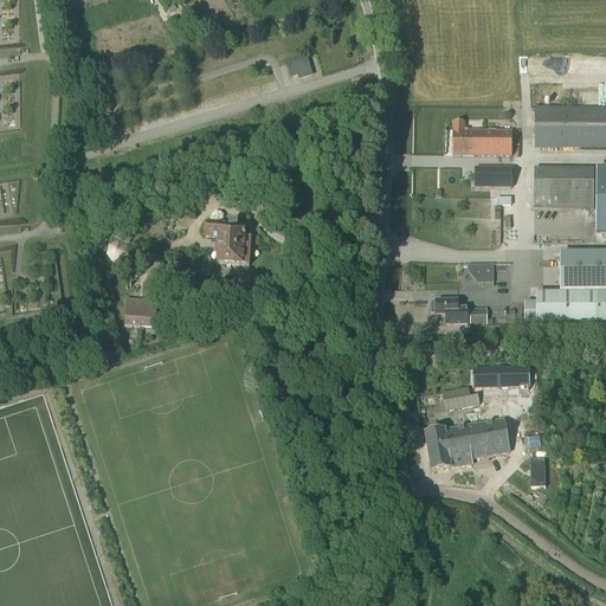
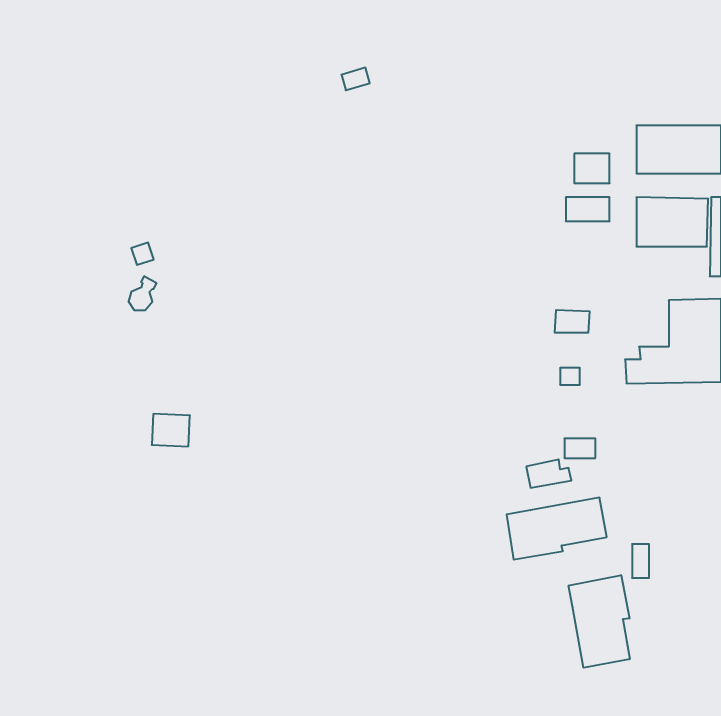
building: [452,120,482,154] -> none
building: [205,221,251,264] -> none
building: [125,298,157,325] -> [152,414,190,446]
building: [431,298,468,324] -> none
building: [499,367,529,386] -> none
building: none -> [569,575,630,668]

